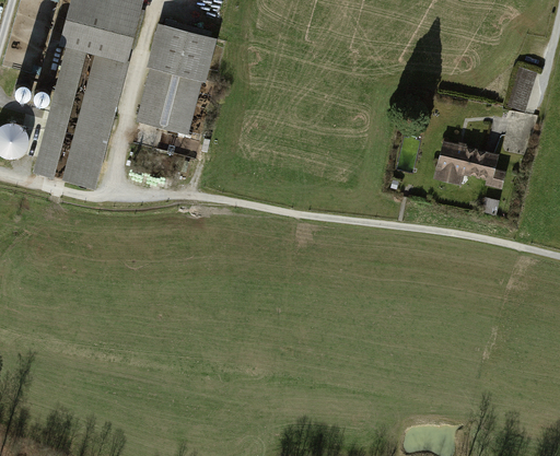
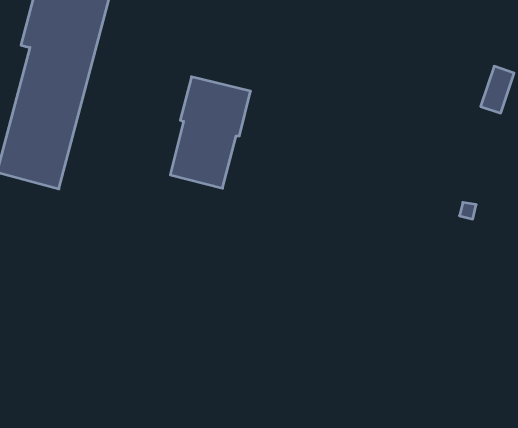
building: [137,24,215,133] -> [170,77,251,188]
building: [435,140,502,185] -> none

